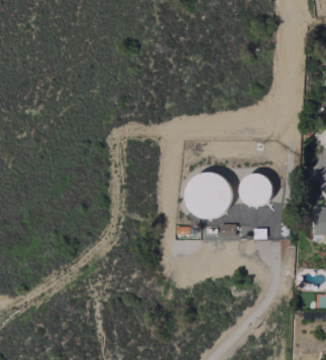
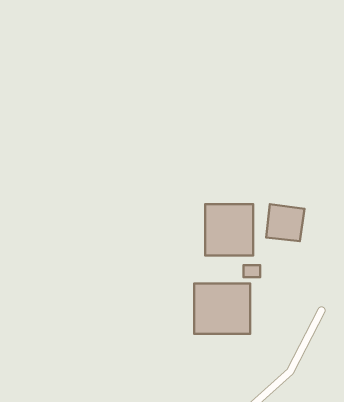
building: none -> [194,283,250,334]

